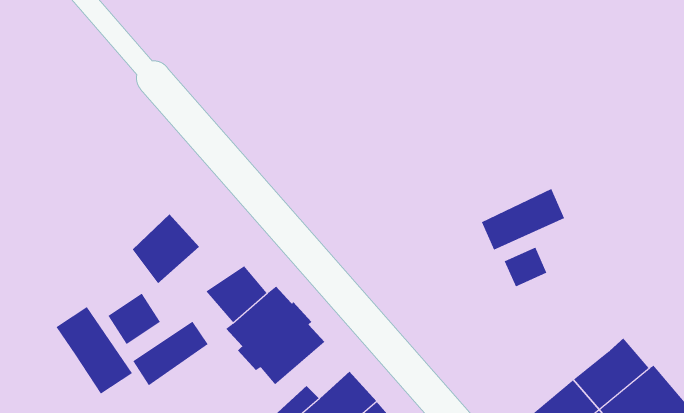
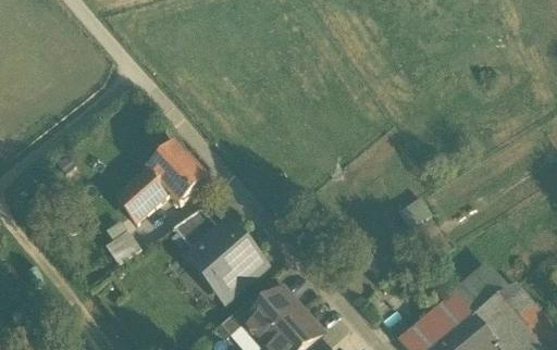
building: none -> [147,143,208,205]
building: [481,188,565,251] -> none
building: [56,306,133,394] -> none
building: [132,321,208,386] -> none

